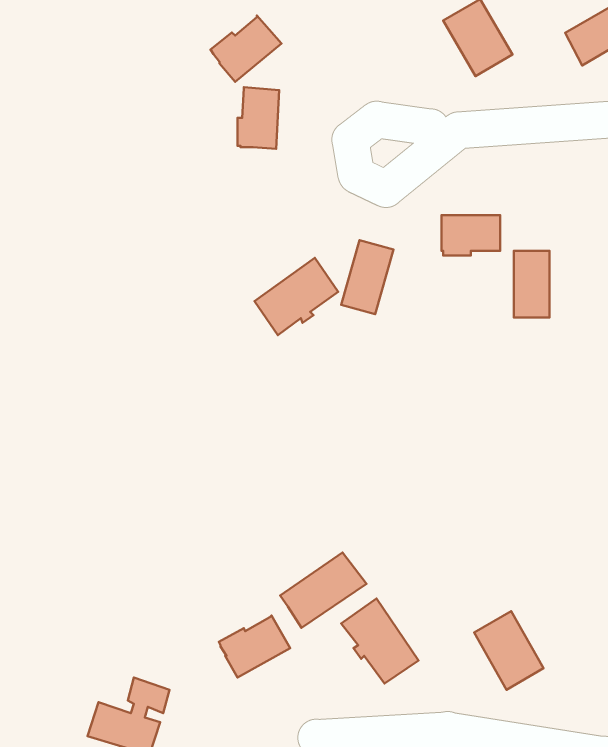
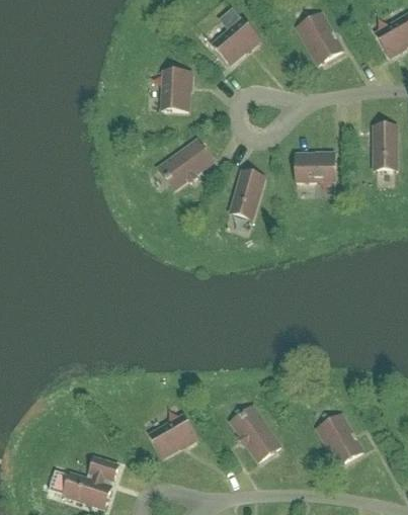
building: [210,16,281,82] -> [213,20,259,64]
building: [514,251,549,317] -> [374,125,397,169]
building: [255,258,338,335] -> [158,139,213,189]
building: [280,553,367,628] -> none

